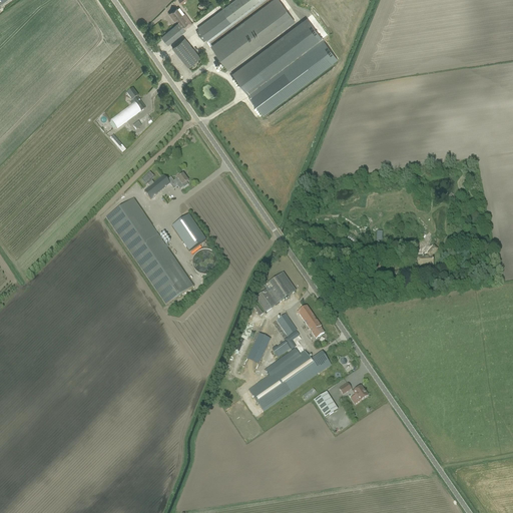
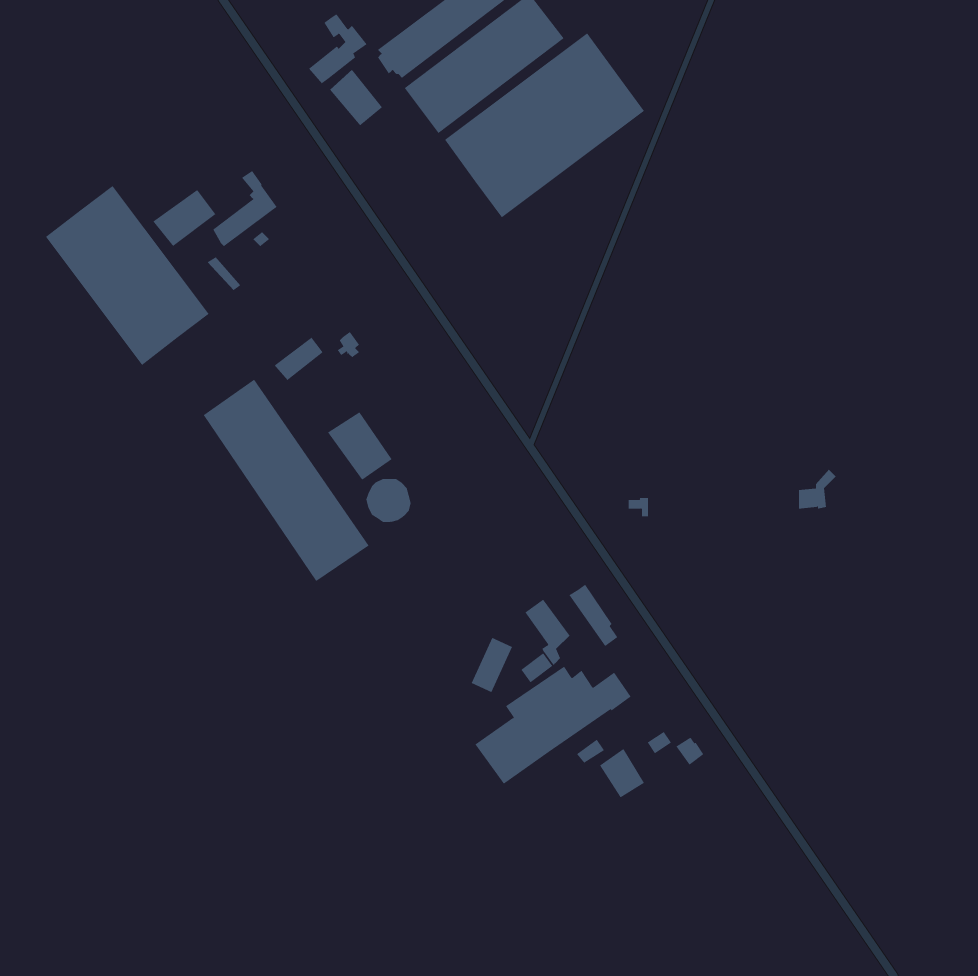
building: none -> [45,185,209,366]
building: none -> [153,189,216,247]
building: [254,273,296,313] -> none

